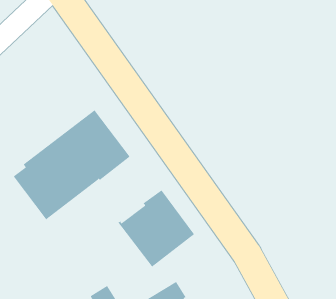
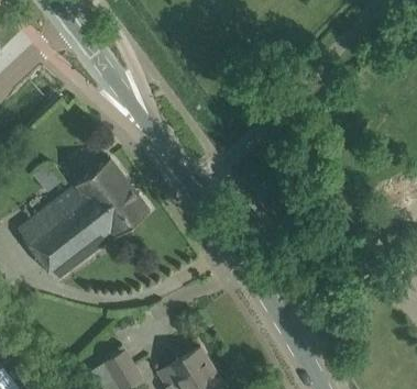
building: [118,189,195,268] -> none

